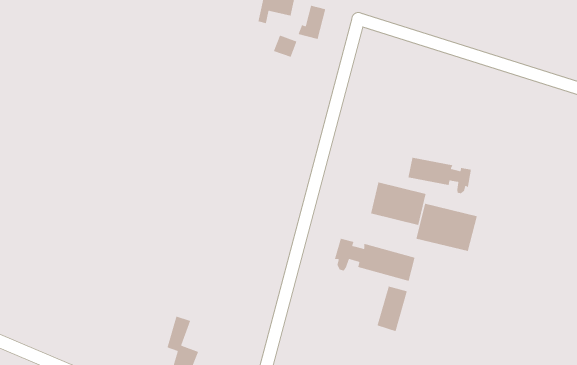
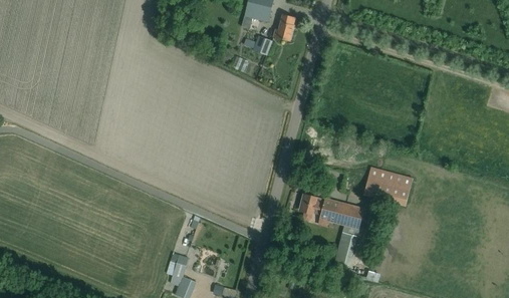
building: [407,157,472,194] -> none
building: [370,182,426,226] -> none

